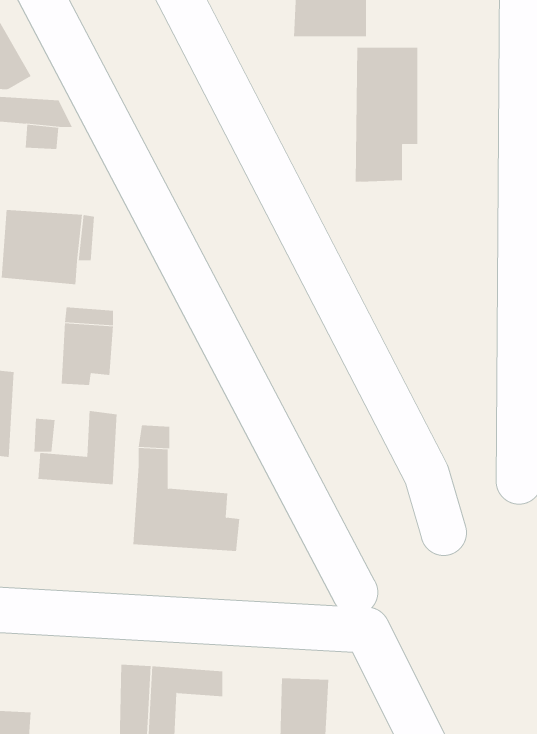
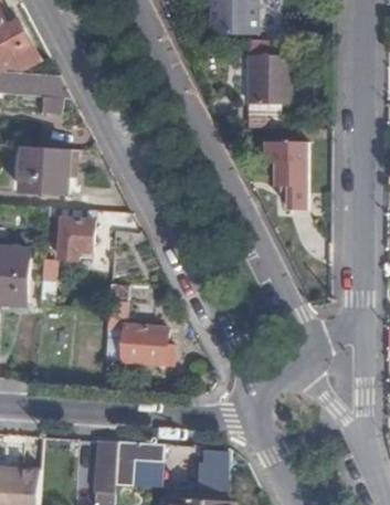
building: none -> [251,127,307,217]
building: [38,410,117,485] -> none

